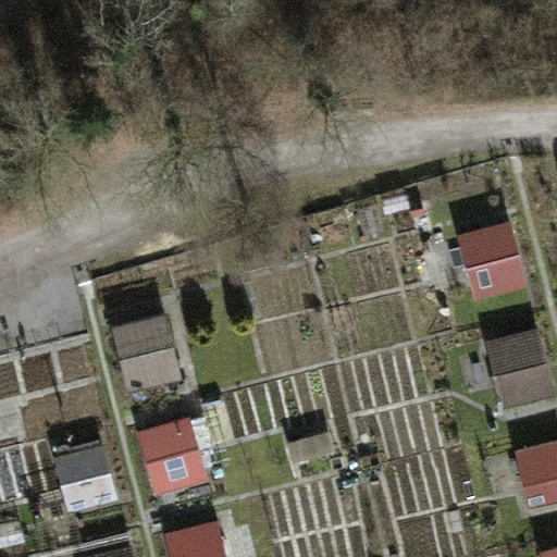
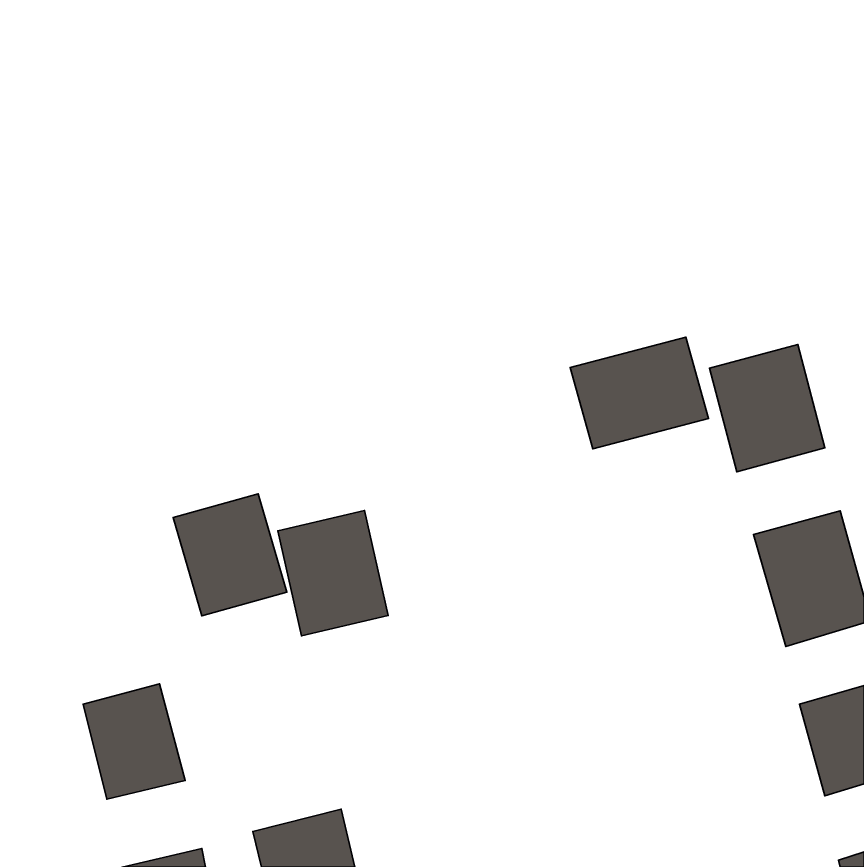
building: none -> [570,337,709,449]
building: [137,417,208,497] -> [278,510,388,636]

